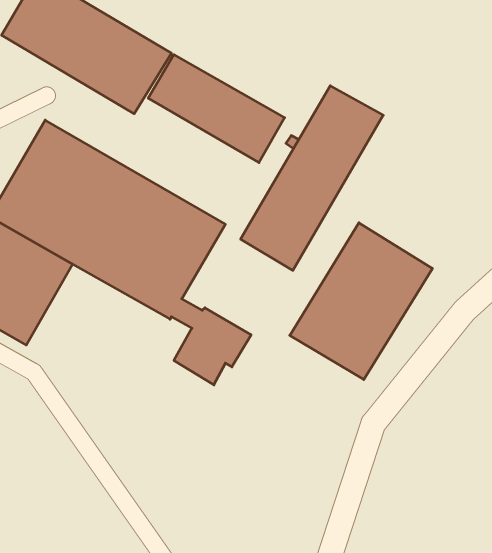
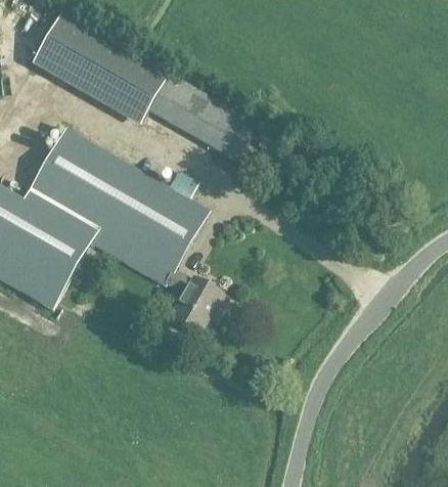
building: [241,86,383,270] -> none
building: [290,223,432,380] -> none

